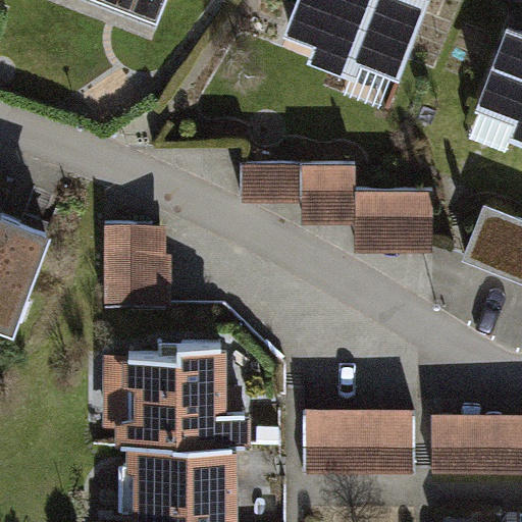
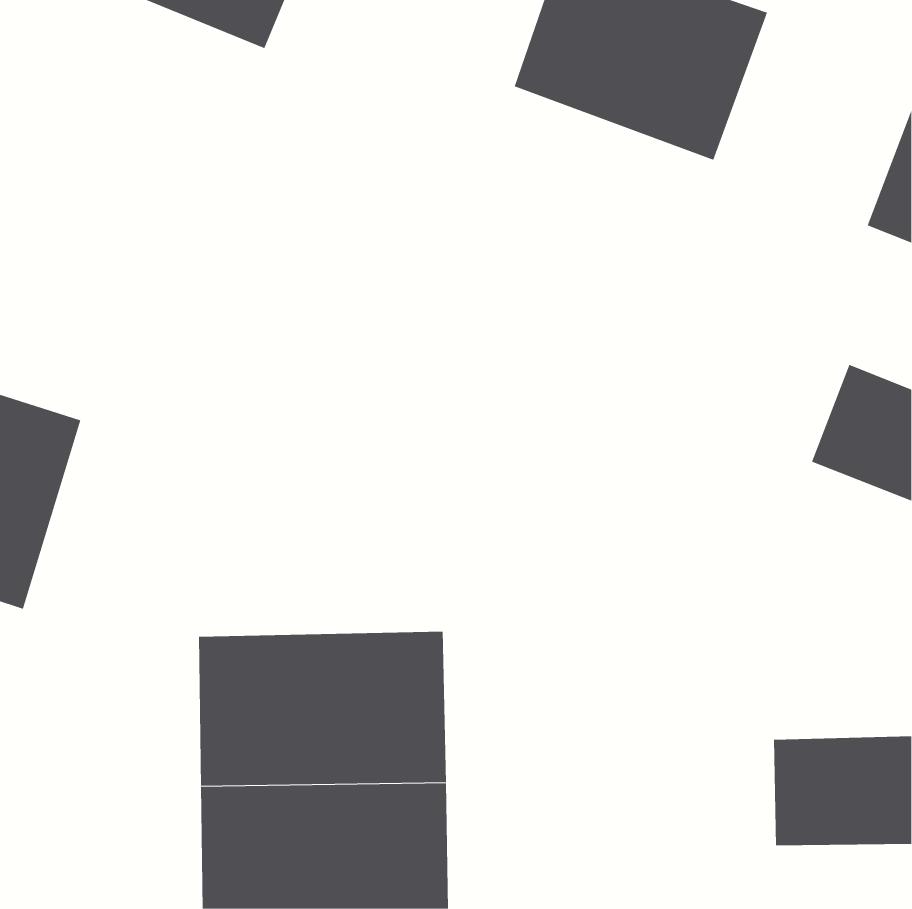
building: [239,142,436,238] -> none
building: [102,223,169,310] -> none
building: [302,411,416,482] -> none

